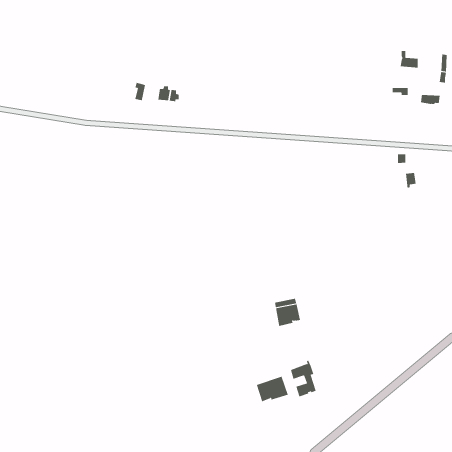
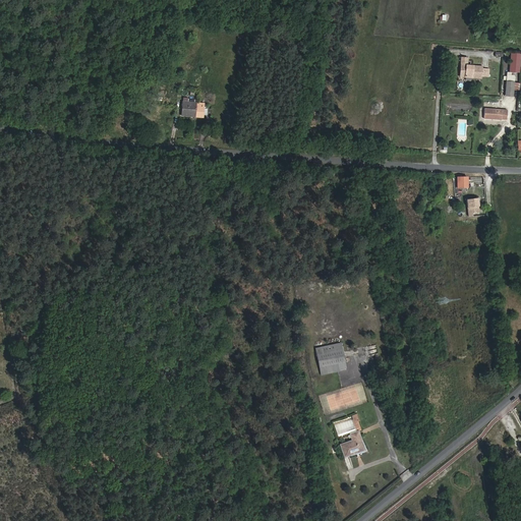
building: [256,376,289,402] -> none

